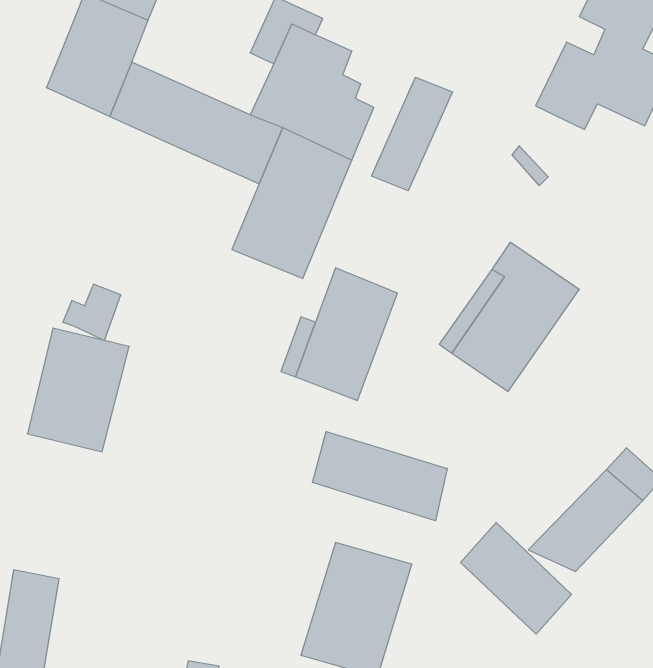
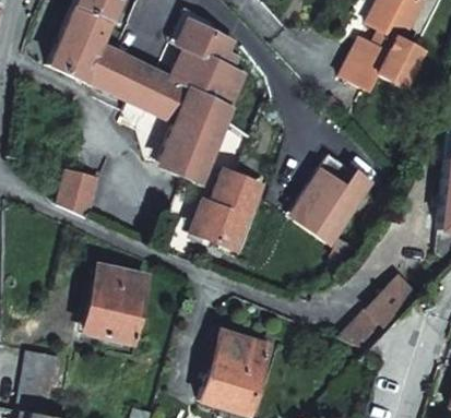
building: [371,77,452,191] -> none
building: [27,328,129,452] -> [86,266,147,341]
building: [312,431,447,521] -> none
building: [461,523,572,634] -> none

